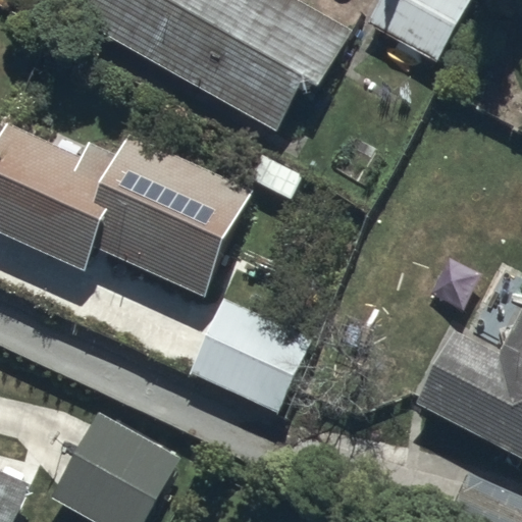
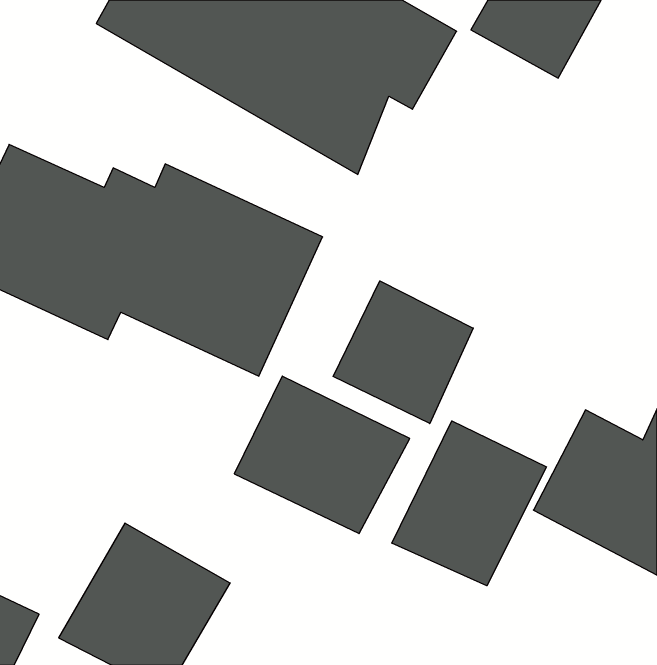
building: none -> [333,281,473,424]
building: none -> [392,421,546,586]

